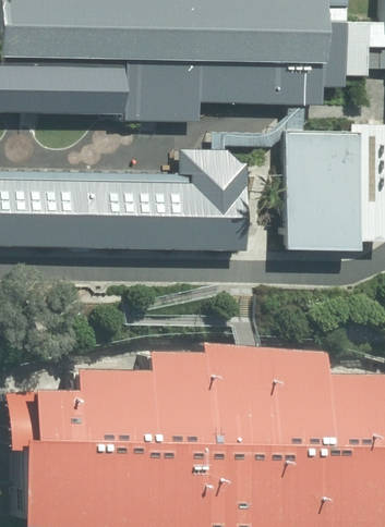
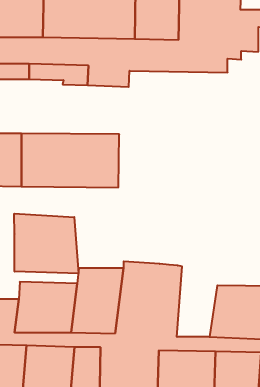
building: [285,132,363,257] -> none
building: [190,149,245,249] -> none
building: none -> [14,214,78,274]
building: [264,348,320,438] -> none

